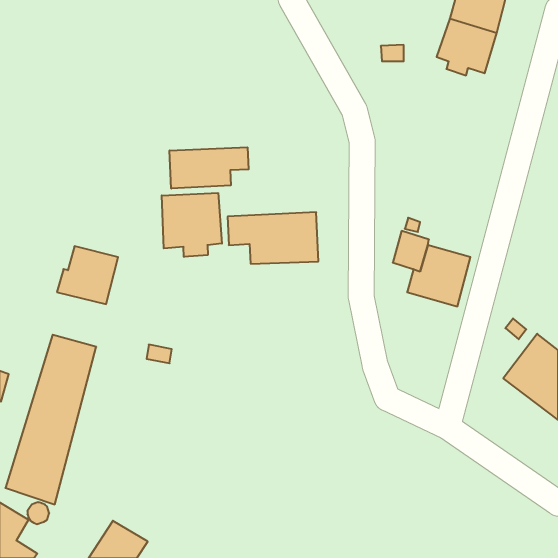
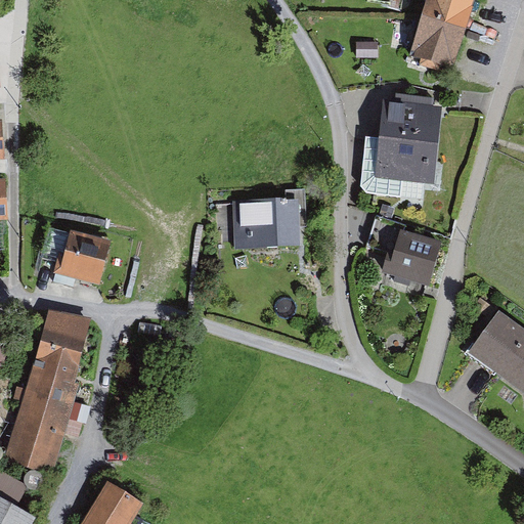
building: none -> [359,95,440,200]
building: [170,147,249,189] -> none
building: [162,193,222,257] -> none

